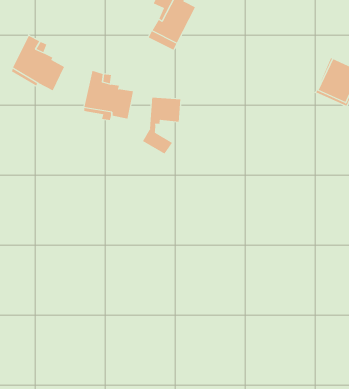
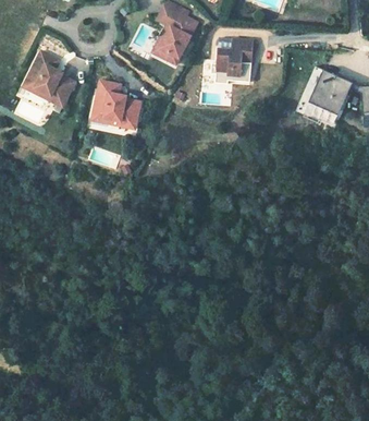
building: none -> [216,40,251,76]
building: [142,97,181,154] -> none

